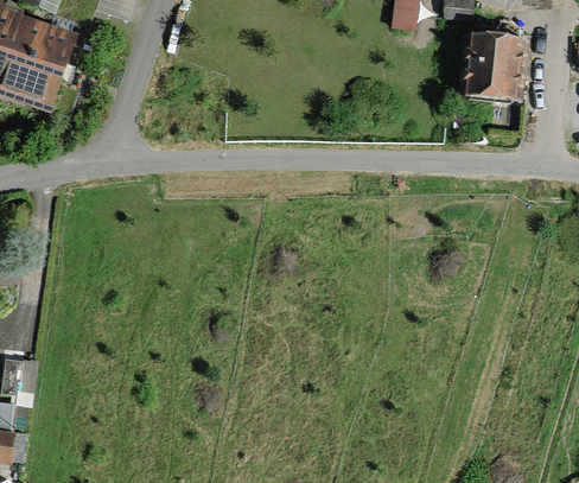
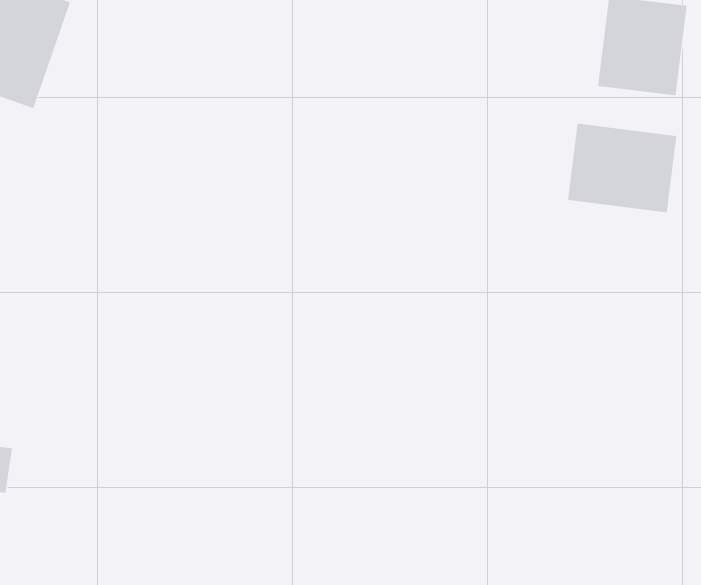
building: none -> [568,123,677,213]

